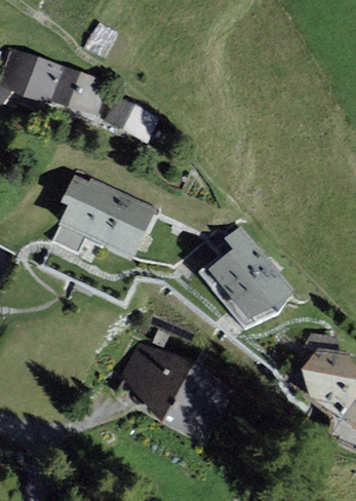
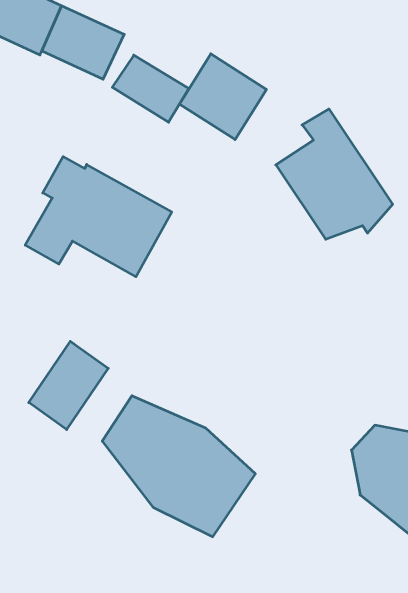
building: none -> [180,54,266,140]
building: [205,225,292,319] -> [276,109,393,239]
building: none -> [29,341,108,430]

